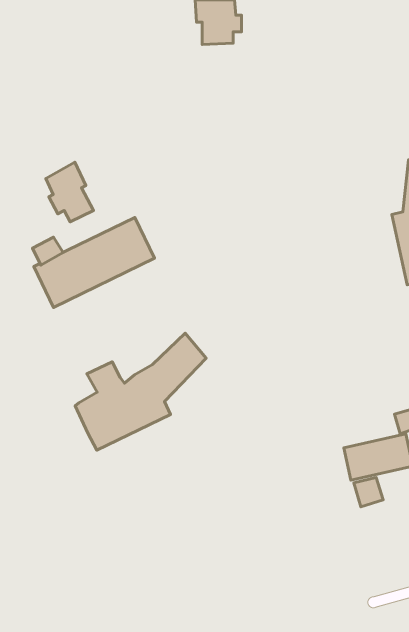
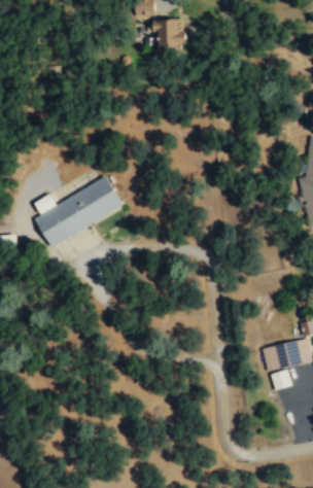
building: [46,162,94,222] -> none
building: [75,333,206,450] -> none

